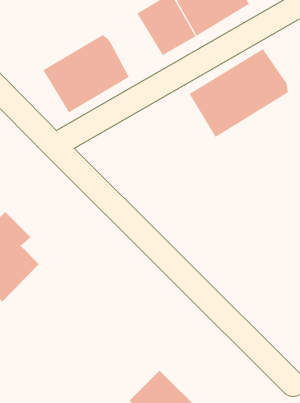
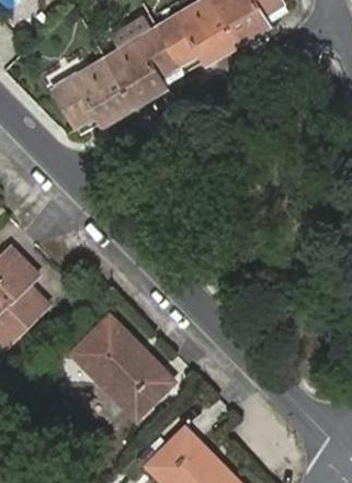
building: none -> [122,22,190,94]
building: [189,48,288,138] -> none
building: none -> [73,317,171,417]

